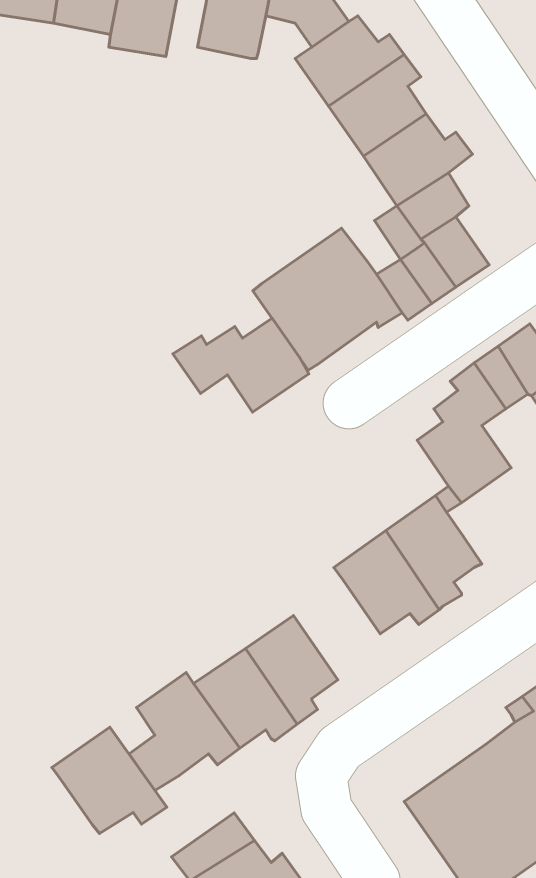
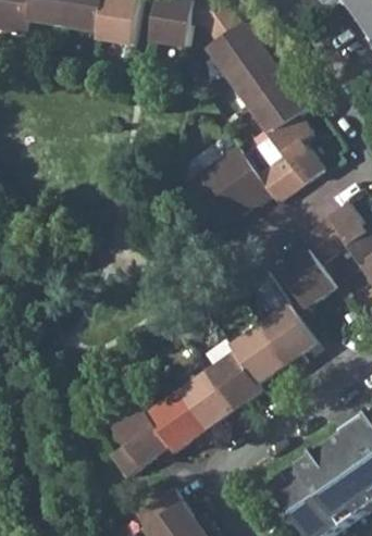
building: [173,318,309,412] -> none
building: none -> [204,354,260,419]
building: [52,727,167,834] -> none

